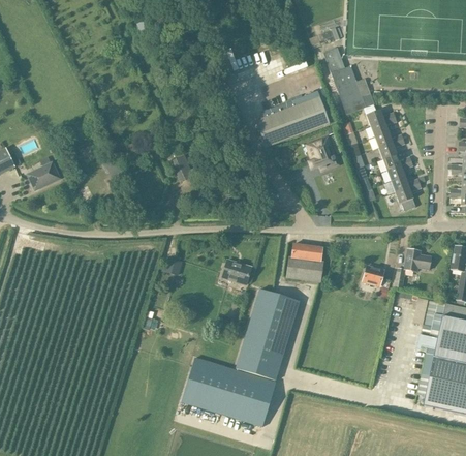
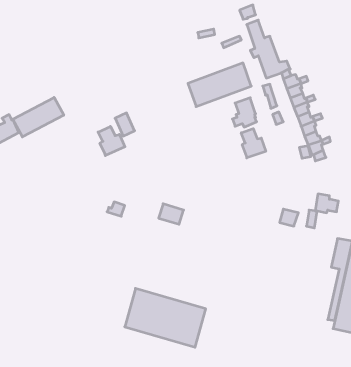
building: none -> [13,97,64,137]
building: none -> [98,126,125,156]
building: none -> [241,129,266,158]
building: [285,243,322,282] -> none
building: [235,288,300,379] -> none

